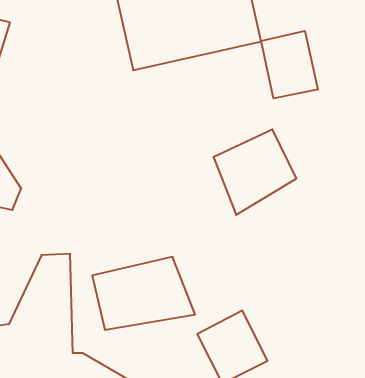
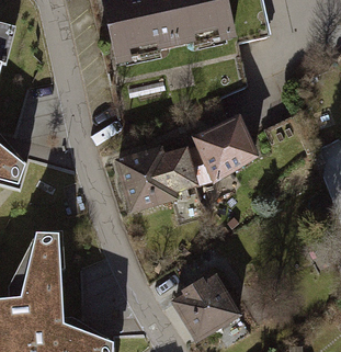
building: [261,31,318,98] -> none
building: [92,257,195,330] -> [118,139,208,203]

